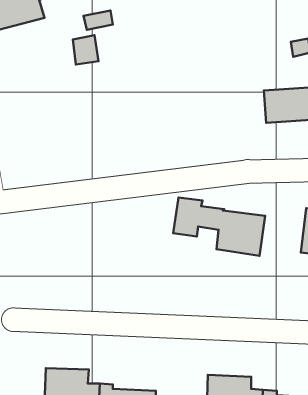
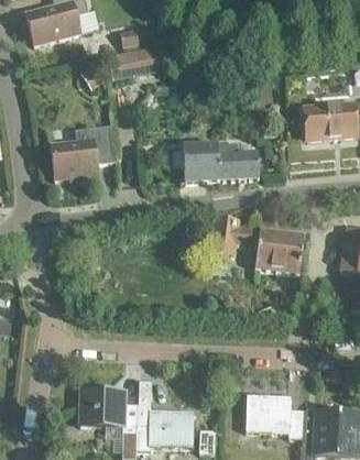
building: none -> [50,125,116,179]
building: none -> [171,143,259,182]

